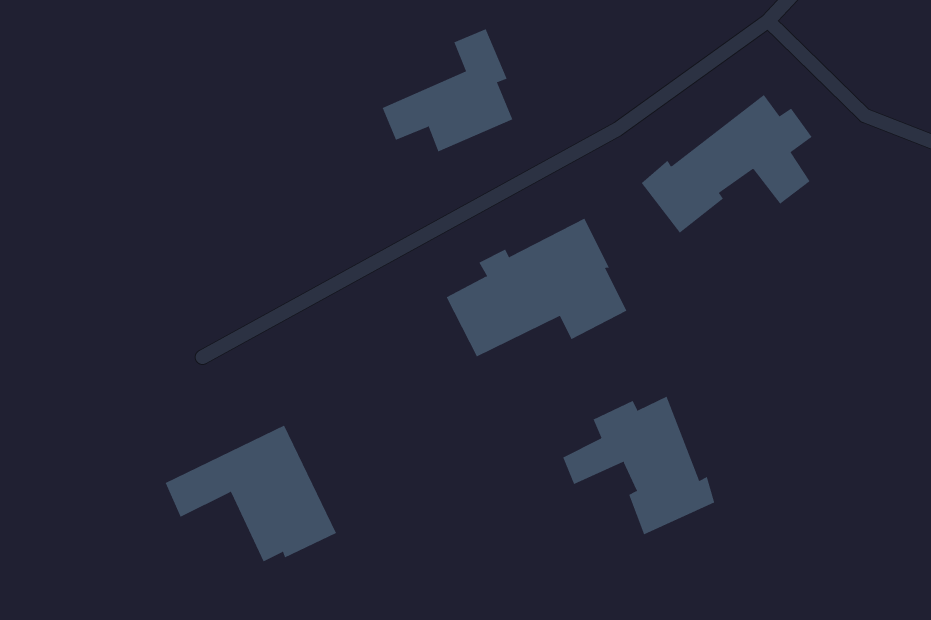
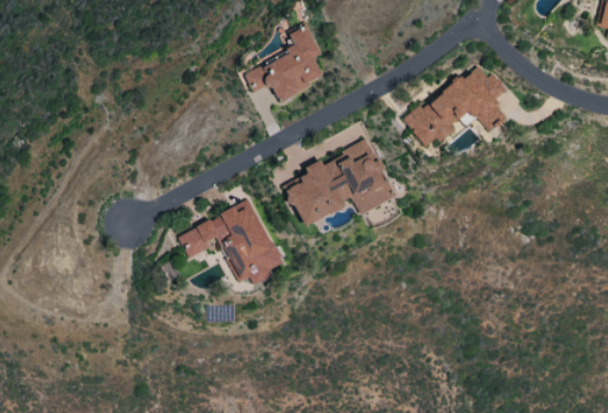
building: [562,396,715,535] -> none
building: [165,425,337,562] -> [178,201,284,285]

